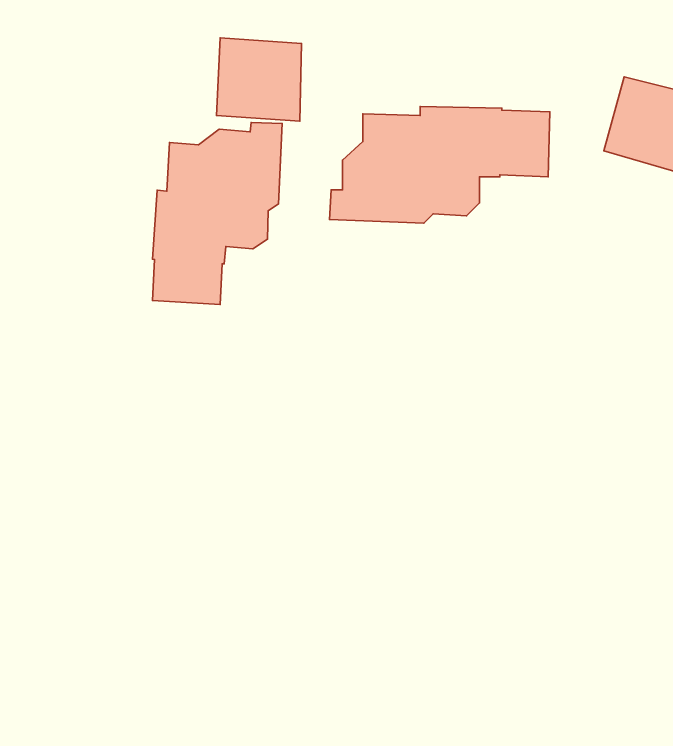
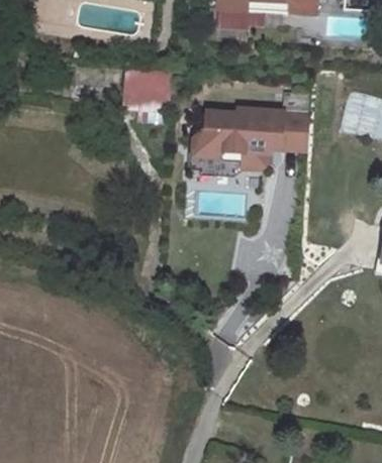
building: [152,122,282,305] -> none

